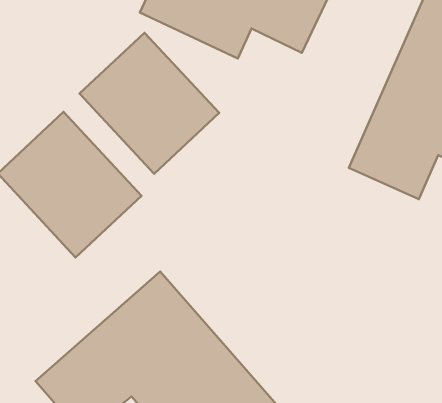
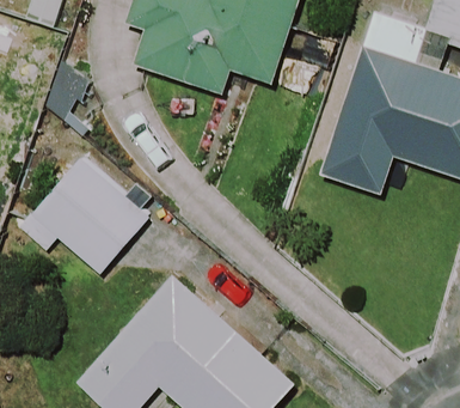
building: [79,33,219,174] -> none

